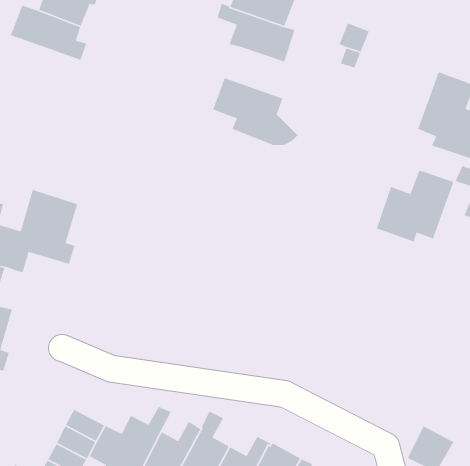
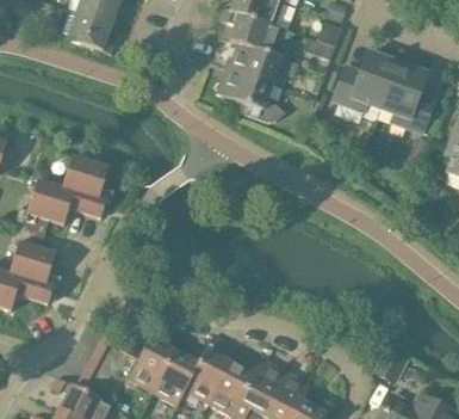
building: none -> [225,42,298,82]
building: [376,169,454,242] -> [334,51,397,110]

